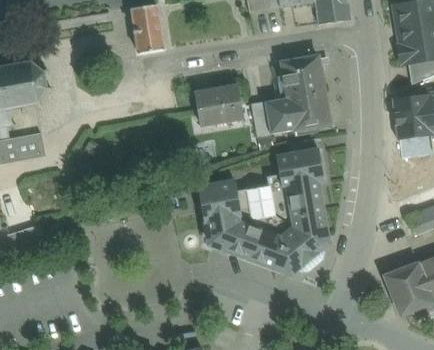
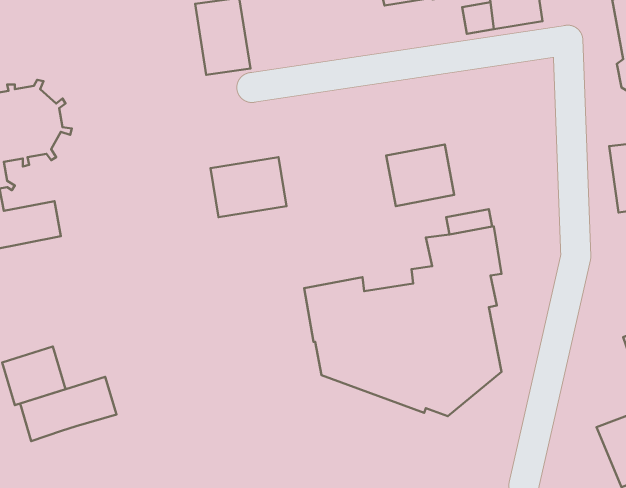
building: [282,55,330,129] -> none
building: [195,86,243,124] -> [211,157,287,217]
building: none -> [20,377,116,441]

